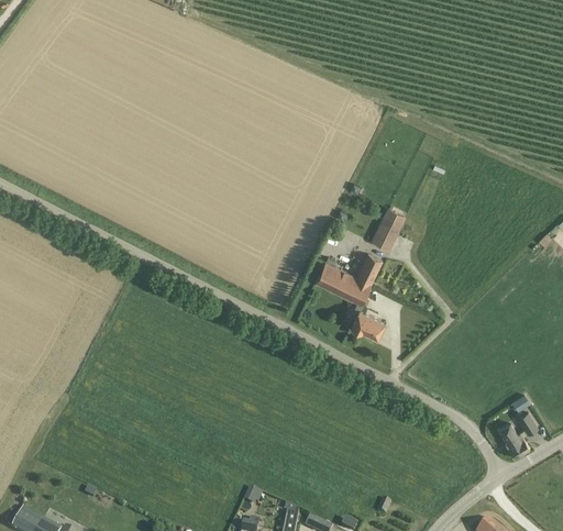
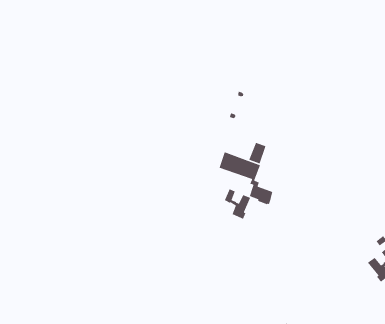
building: [371,207,406,248] -> none
building: none -> [224,188,251,220]

